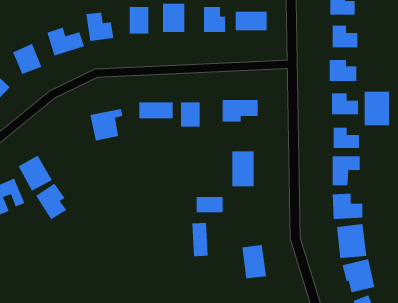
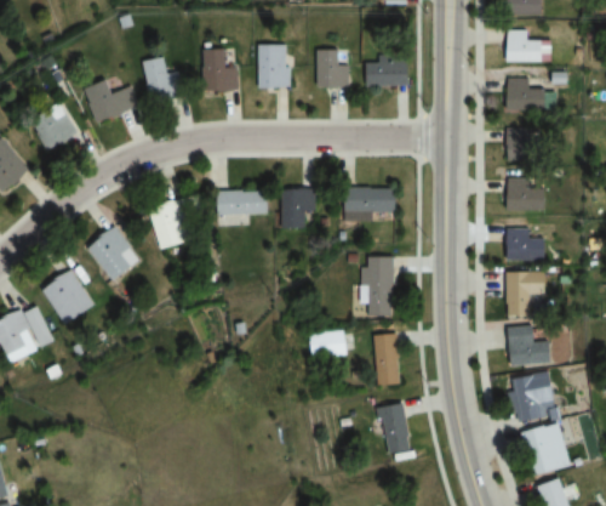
building: [364,91,390,126] -> none
building: [35,183,67,220] -> [86,227,133,283]
building: [191,222,209,257] -> [373,334,399,385]

